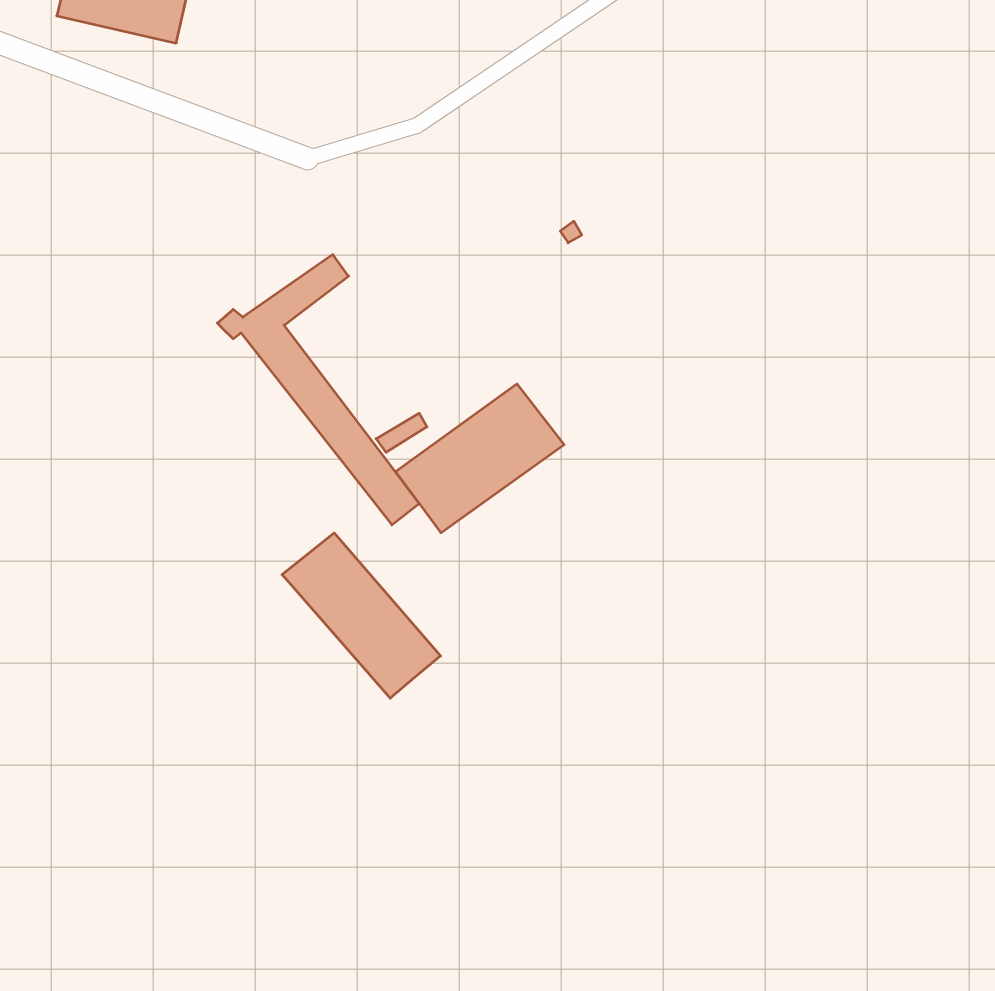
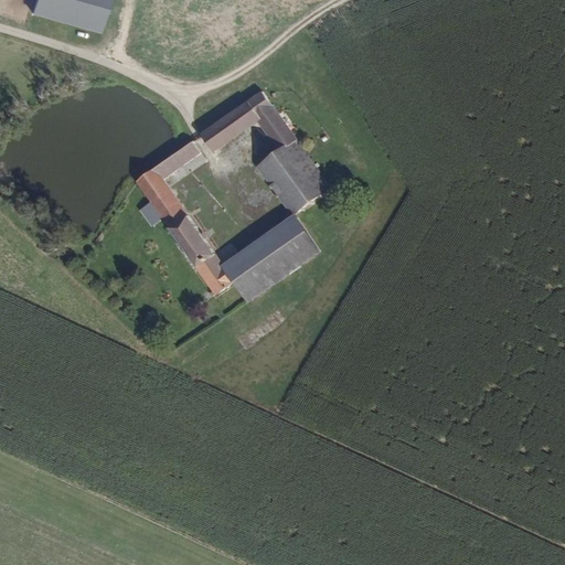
building: none -> [199,90,329,213]
building: [282,533,441,698] -> none

